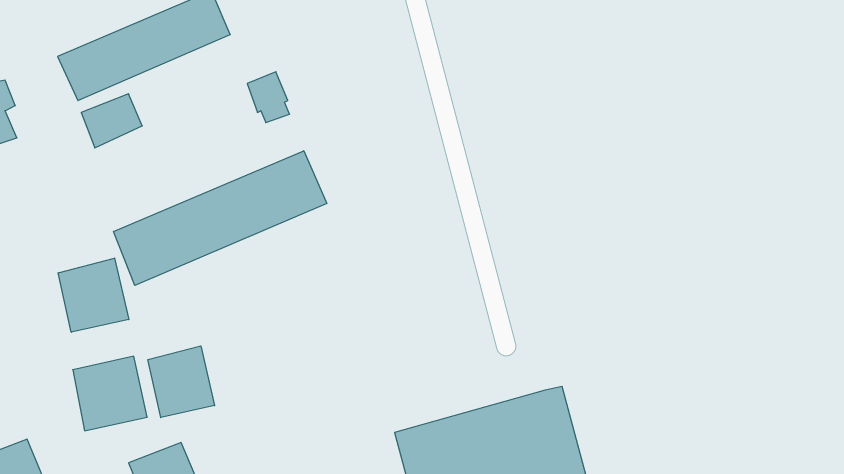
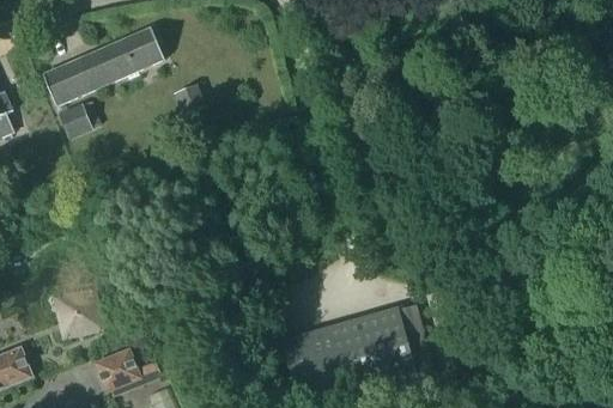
building: [114,151,327,285] -> none
building: [58,258,129,332] -> none
building: [148,346,215,418] -> none

